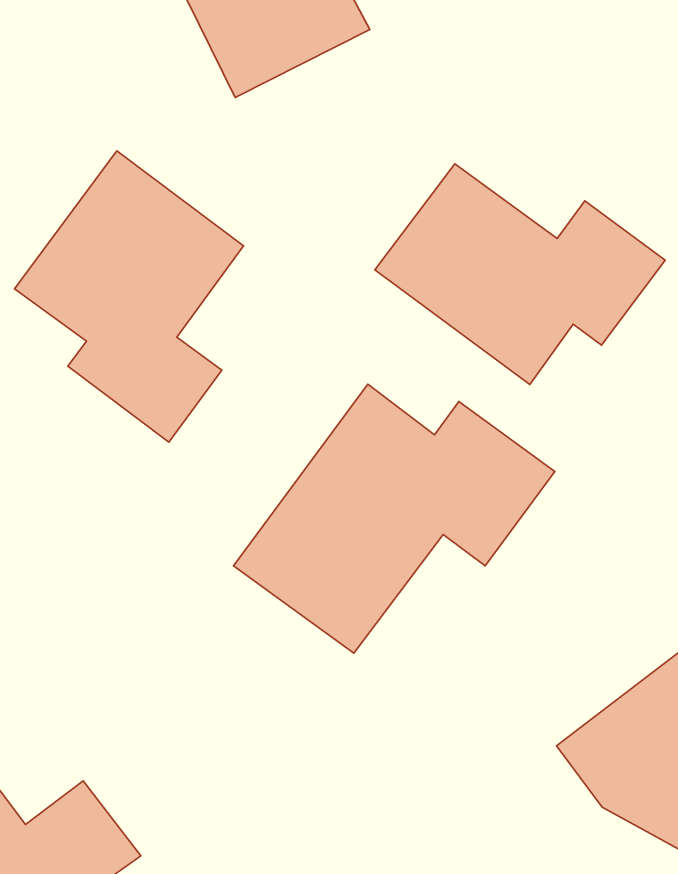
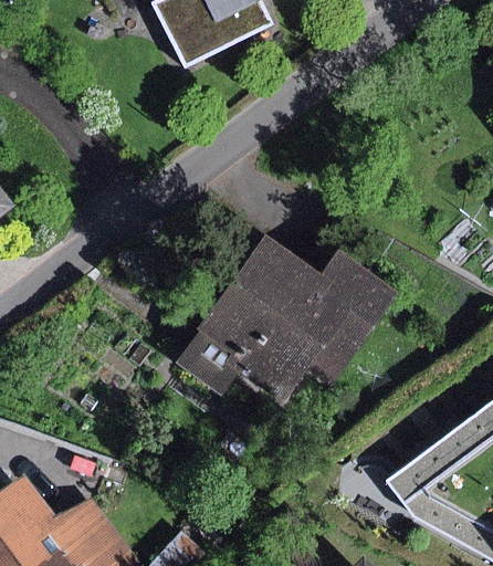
building: [14,151,243,442] -> none
building: [375,164,665,385] -> none

